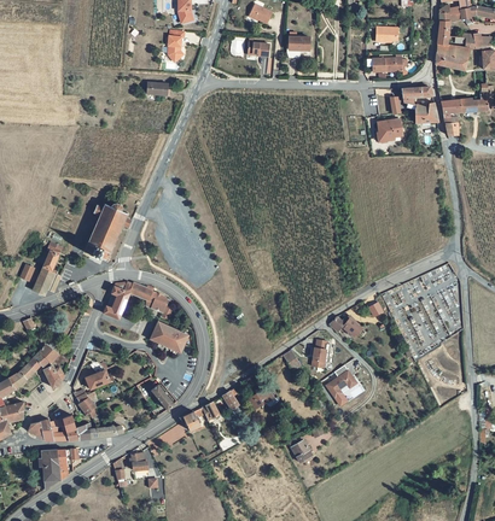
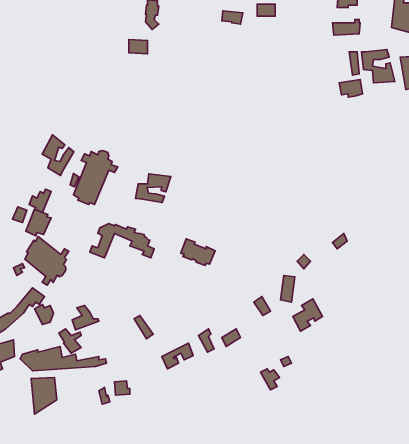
building: none -> [42,135,74,175]
building: none -> [135,174,171,203]
building: none -> [25,236,69,285]
building: [151,327,188,356] -> [181,239,215,265]

